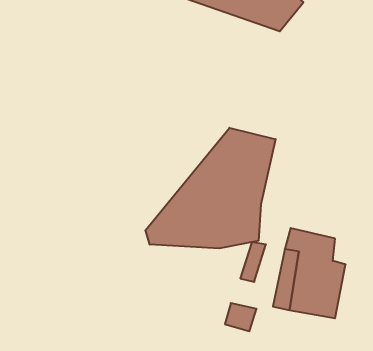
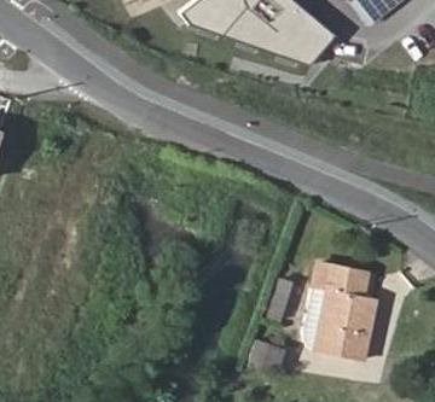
building: [145,128,276,248] -> none

